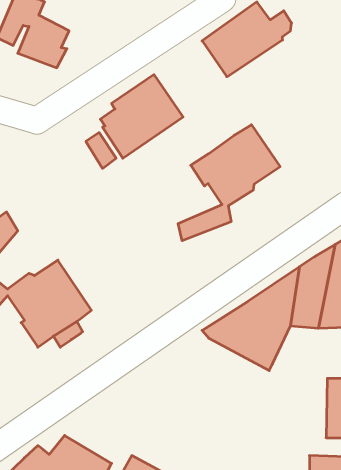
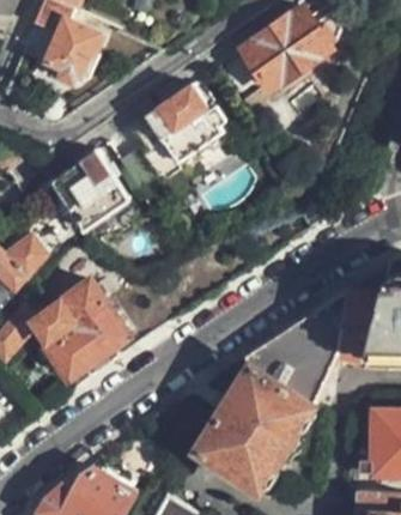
building: [178,125,280,241] -> none
building: none -> [51,150,126,228]
building: none -> [196,366,314,486]

